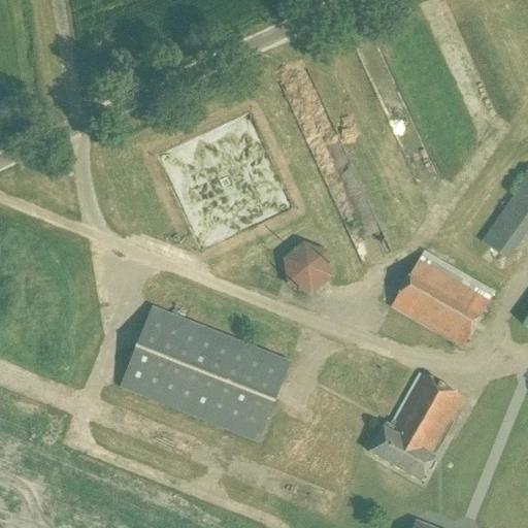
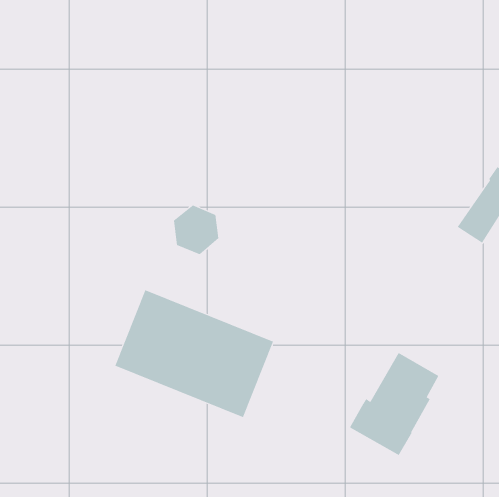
building: [284,240,332,293] -> [173,205,219,255]
building: [392,255,492,346] -> none

